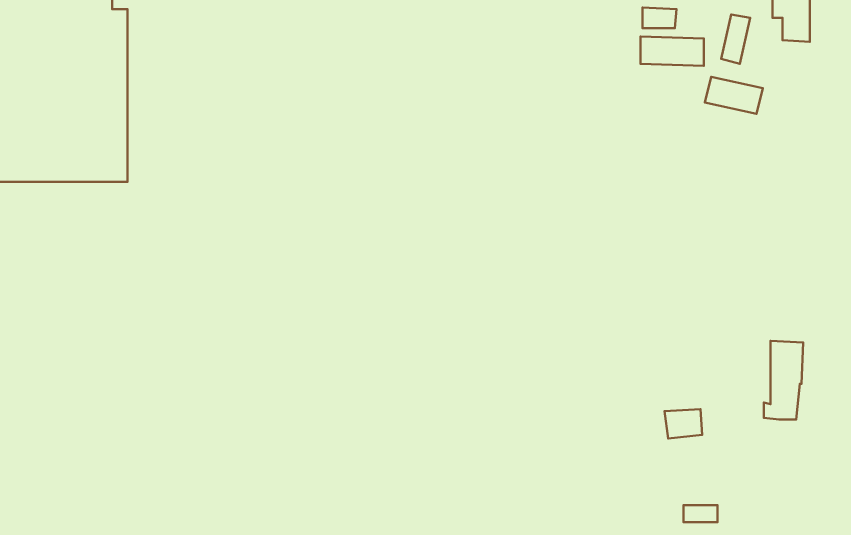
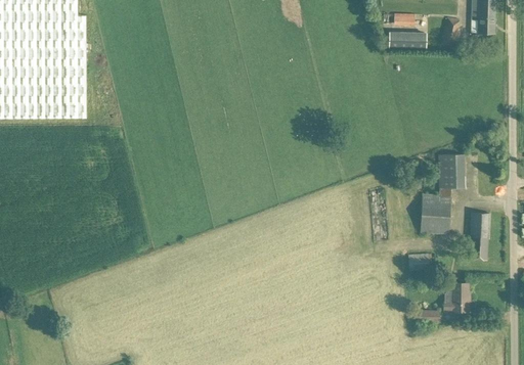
building: [705,77,763,114] -> none
building: none -> [421,153,464,233]
building: none -> [444,283,470,311]

